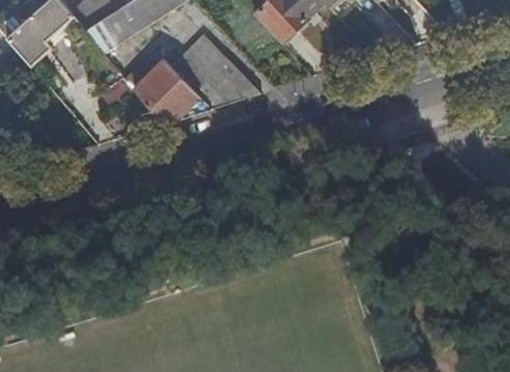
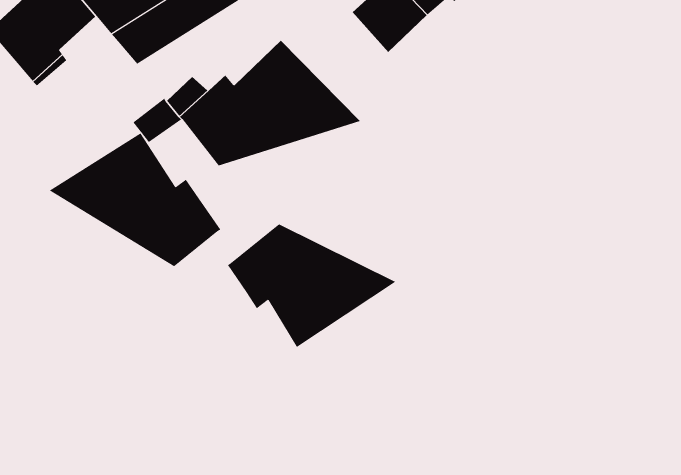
building: none -> [48,133,221,267]
building: none -> [227,224,396,348]

